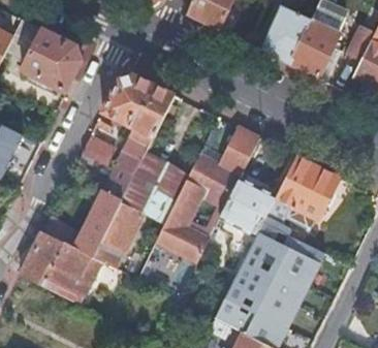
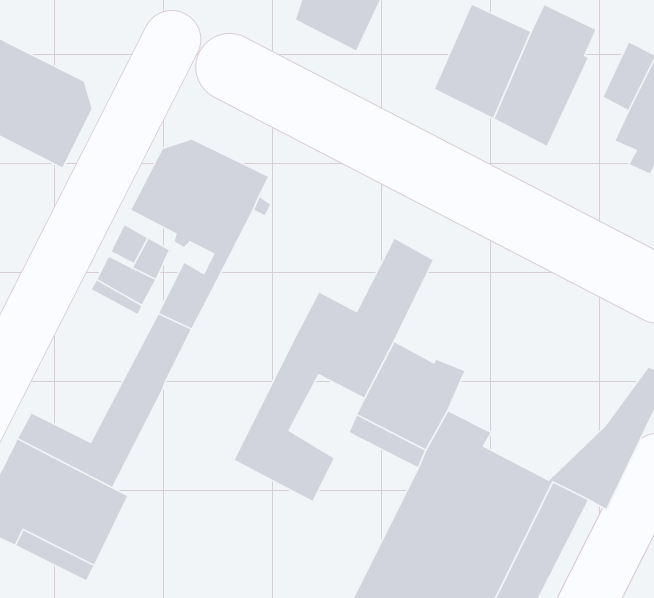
building: [275,156,338,230] -> none
building: [120,157,186,226] -> none
building: [92,207,138,267] -> none

